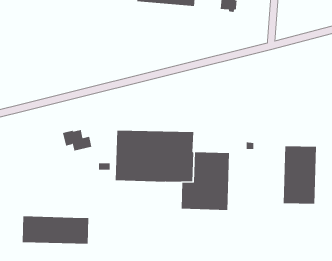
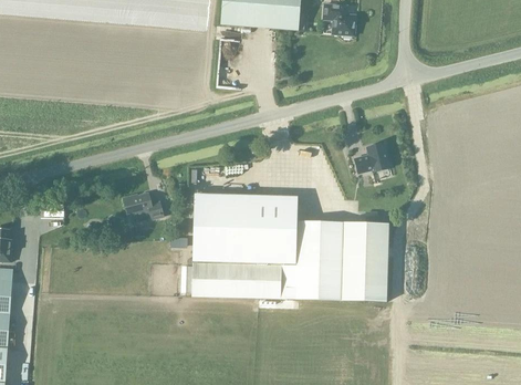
building: none -> [355,142,390,171]
building: [283,146,317,204] -> [343,222,388,300]
building: [22,216,89,244] -> [191,259,281,296]

